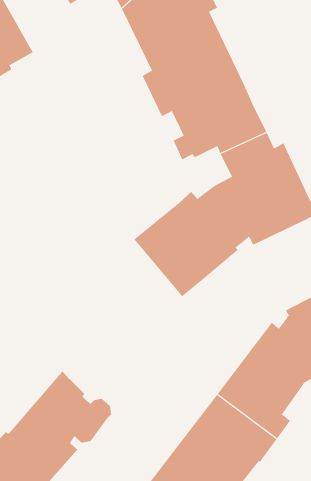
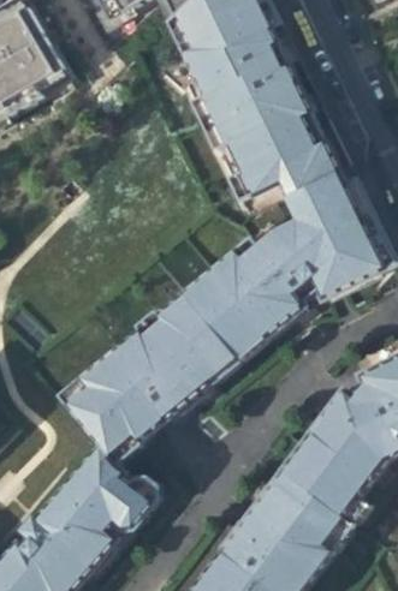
building: none -> [58,293,238,465]

